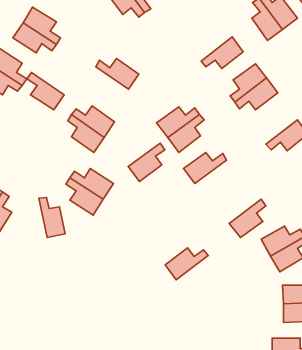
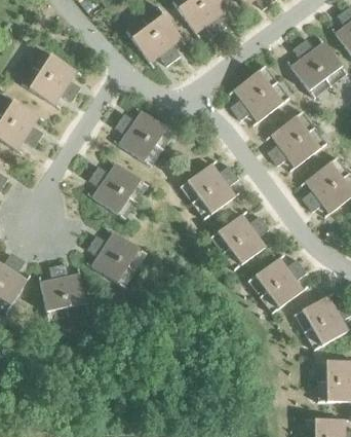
building: none -> [230,71,269,114]
building: [27,72,64,110] -> [114,120,155,161]
building: none -> [302,162,341,206]
building: [128,143,165,181] -> [228,223,268,265]
building: none -> [39,265,66,313]
building: [165,248,208,280] -> [254,258,301,293]

